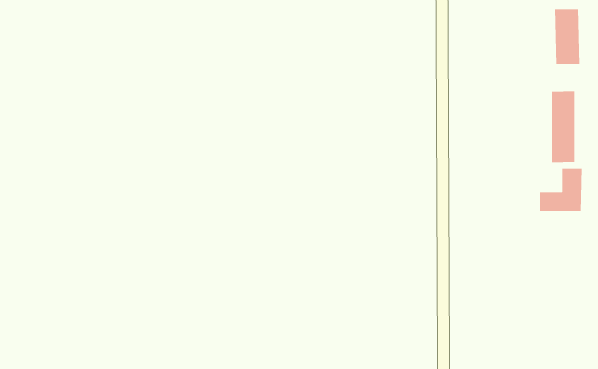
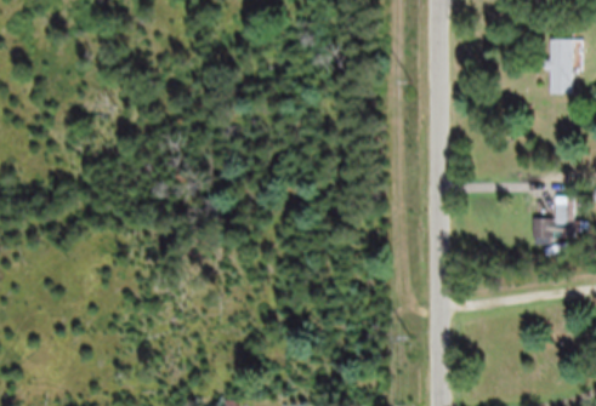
building: [551,90,575,163] -> none

